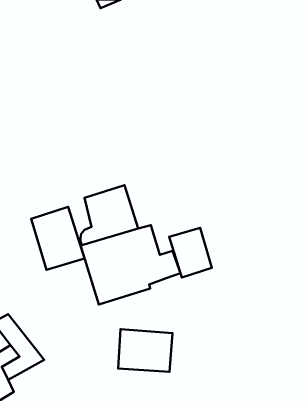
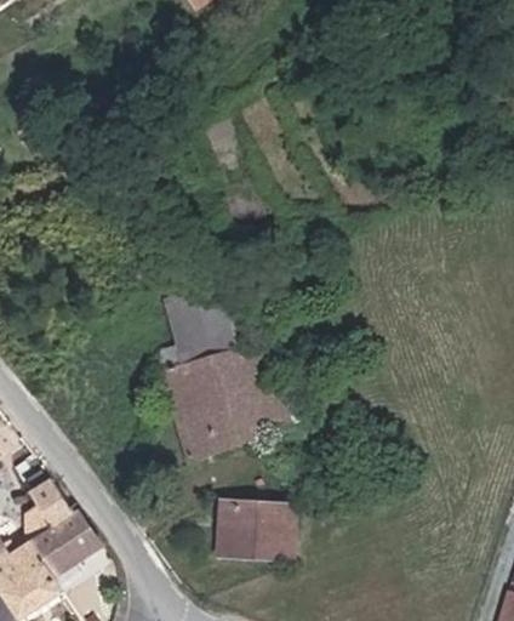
building: [31,207,85,270] -> none
building: [169,228,212,277] -> none

